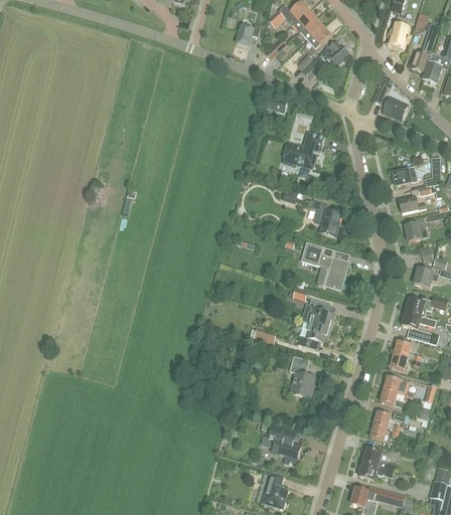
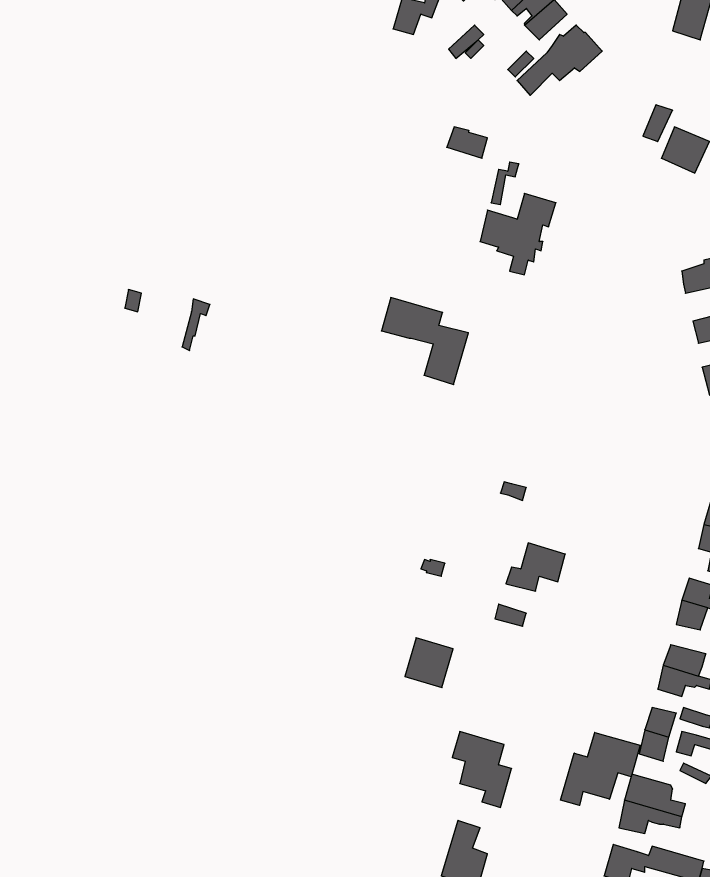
building: [310,200,340,236] -> none
building: [301,242,348,290] -> [381,298,468,385]
building: [308,298,333,328] -> none
building: [289,372,315,399] -> [405,638,453,688]
building: none -> [561,732,640,805]

